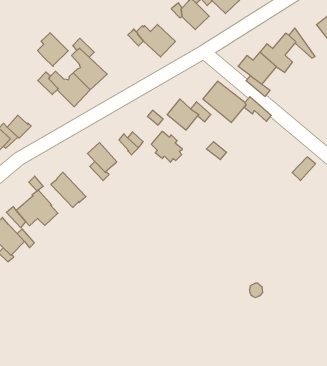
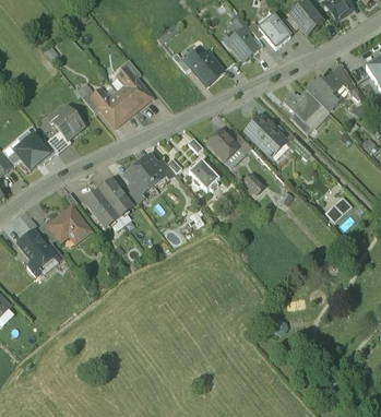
building: [38,33,68,66] -> [53,105,84,139]
building: none -> [138,154,166,184]
building: none -> [98,180,131,216]

